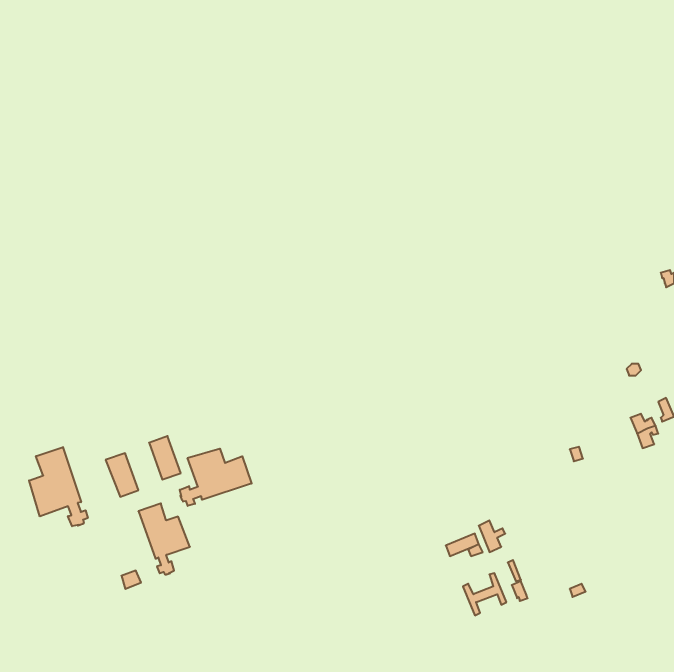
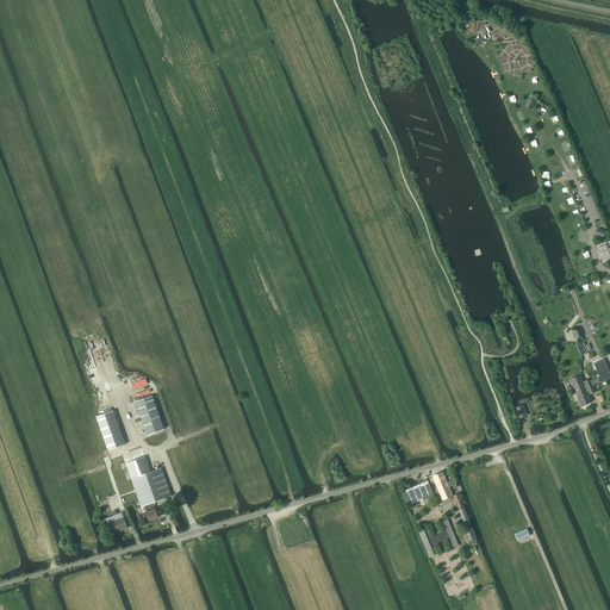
building: [29,447,88,526] -> none
building: [180,449,252,506] -> none

